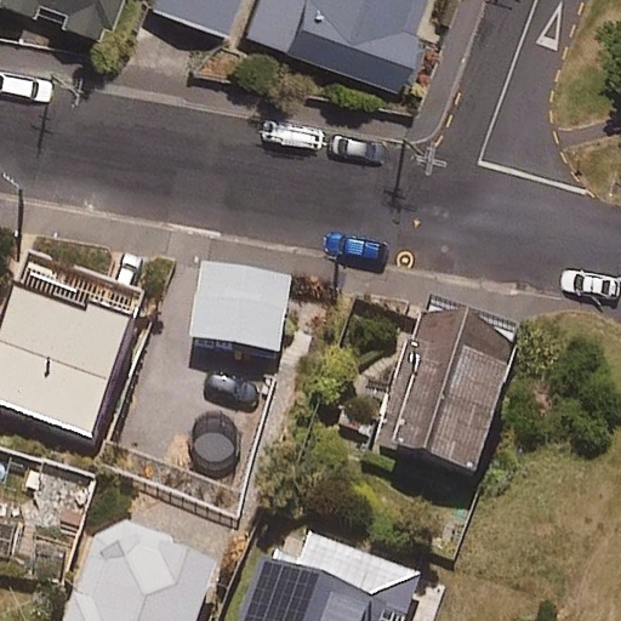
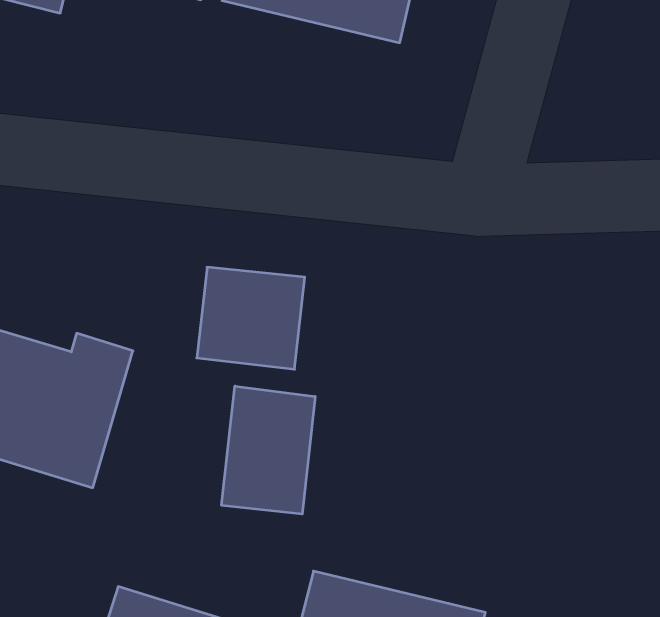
building: [372,306,513,484] -> none
building: none -> [222,386,315,514]

